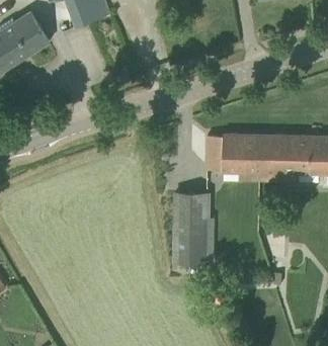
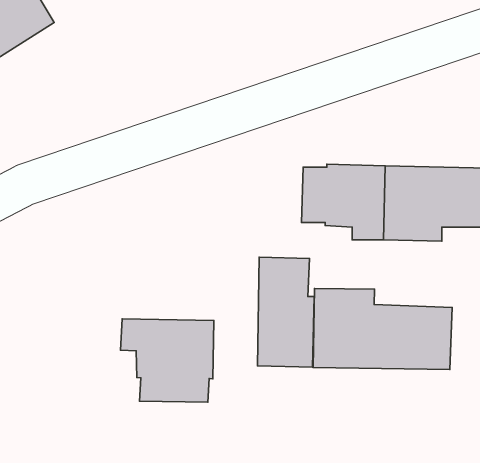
building: none -> [313,289,452,369]
building: none -> [121,319,214,402]

